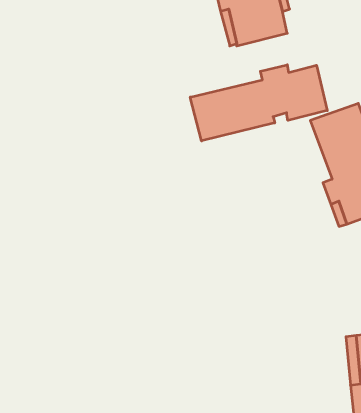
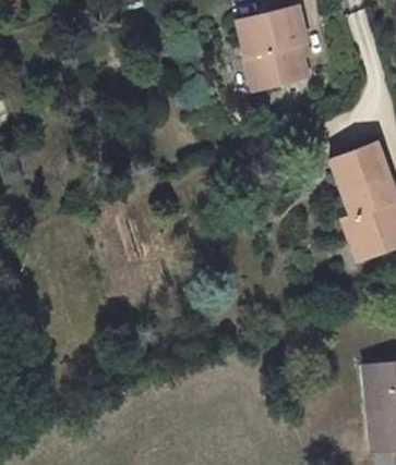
building: [190,65,327,141] -> none

